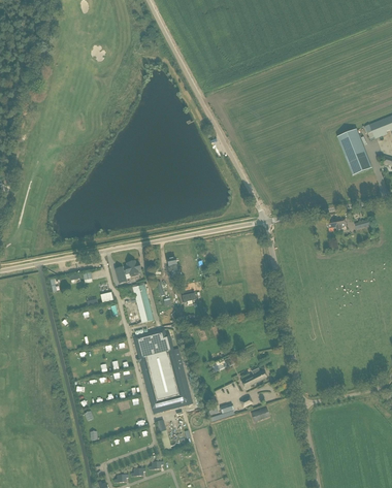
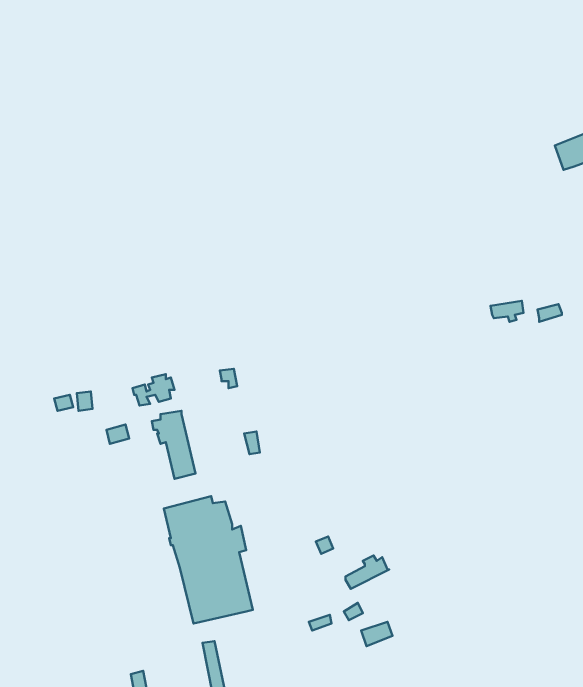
building: [340,128,372,173] -> none

